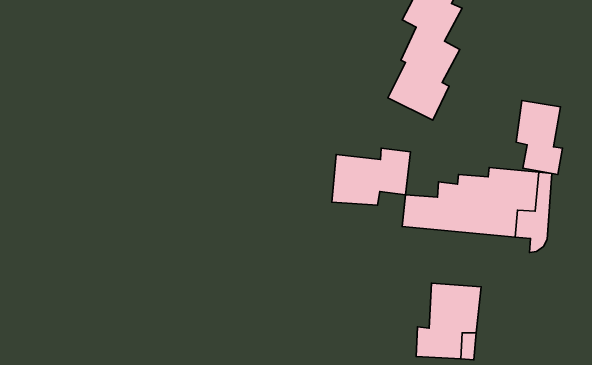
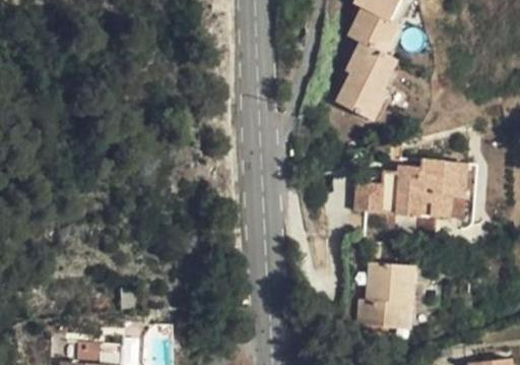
building: [516,101,563,175] -> none
building: [332,148,410,205] -> none

